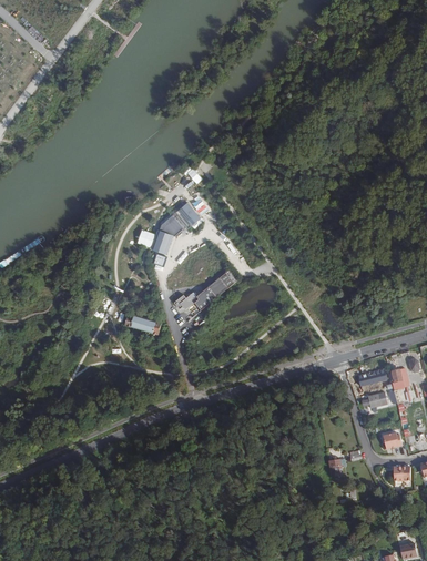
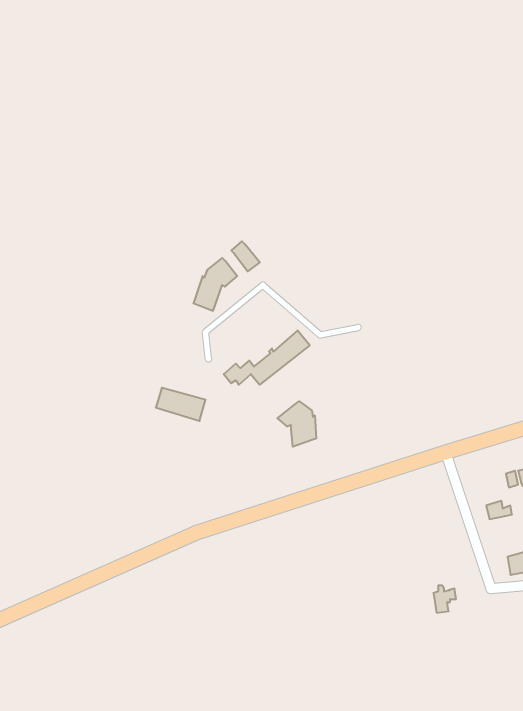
building: none -> [277,401,316,447]

